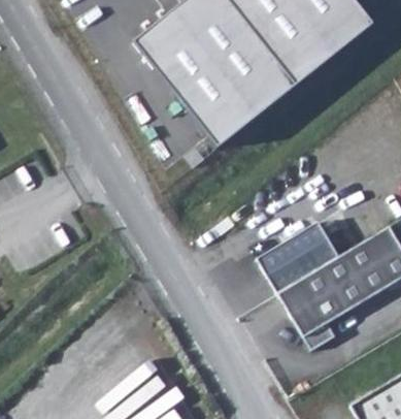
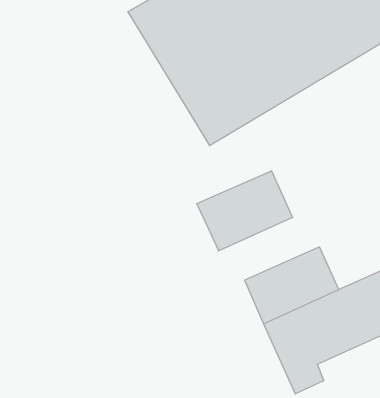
building: none -> [197,171,293,251]

